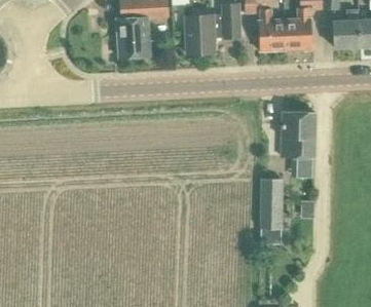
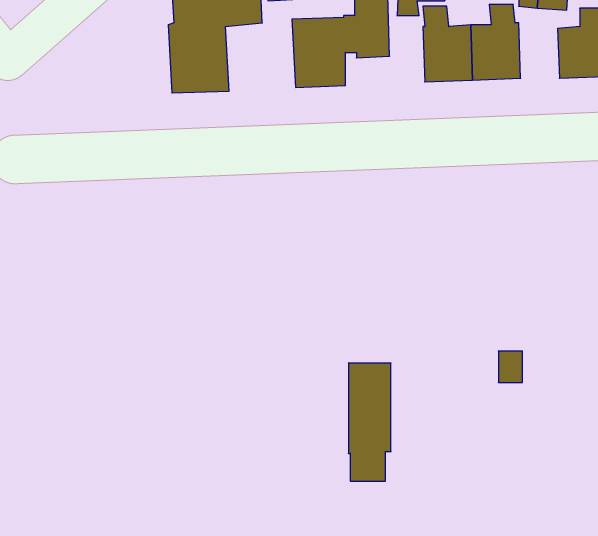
building: [281,111,316,157] -> none
building: [259,179,283,244] -> [348,363,391,481]

